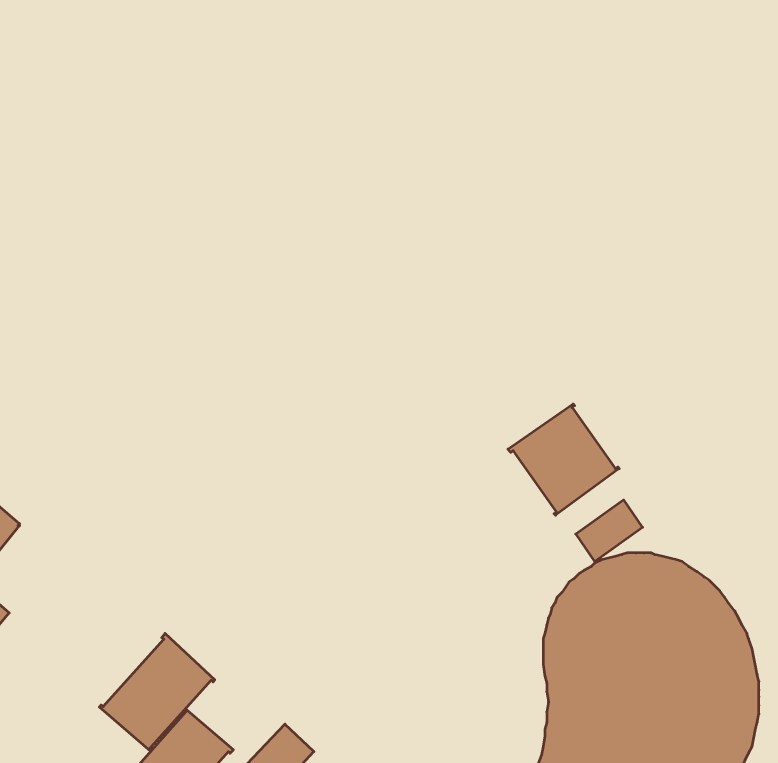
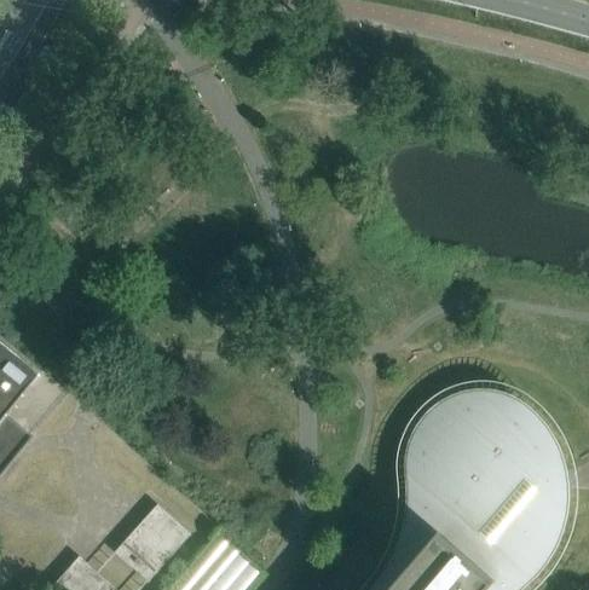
building: [508,404,619,515] -> none
building: [99,633,215,751] -> none

